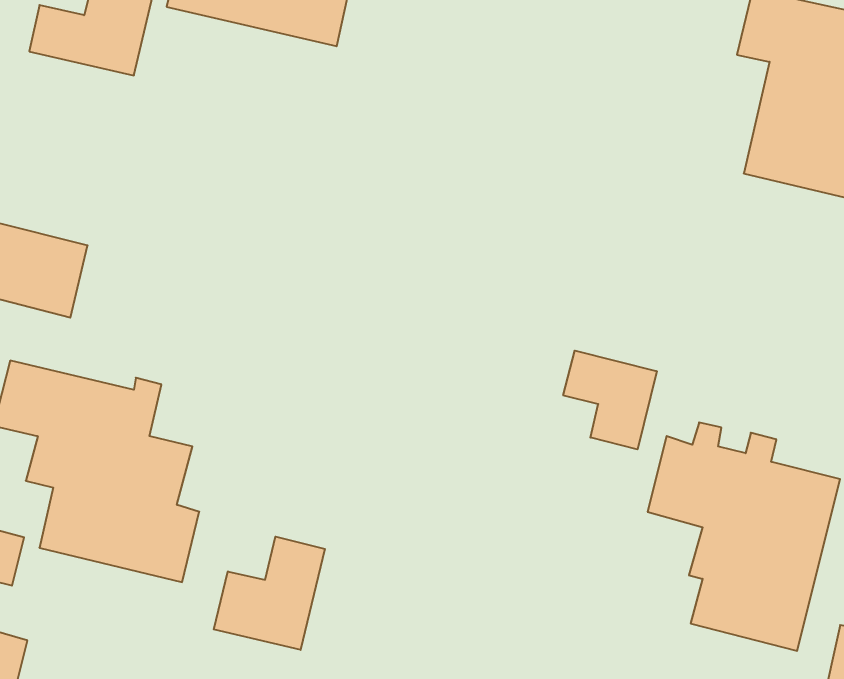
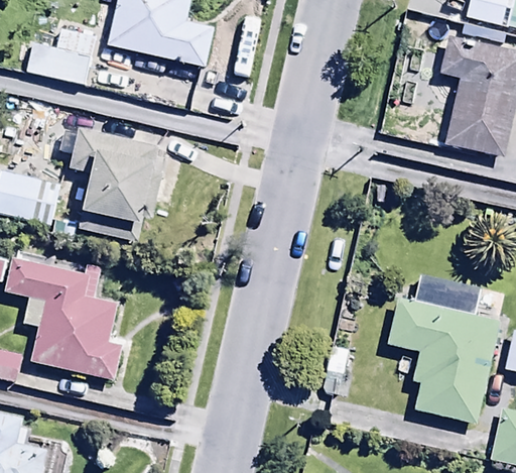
building: none -> [50,118,163,242]
building: [563,351,657,449] -> none
building: [214,537,325,650] -> none

